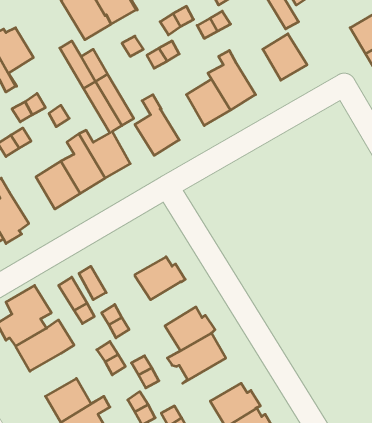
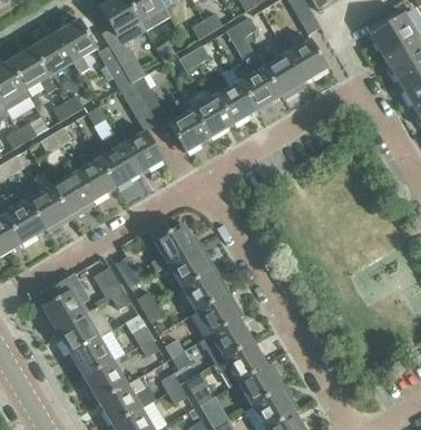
building: none -> [57,18,98,71]
building: none -> [263,52,304,95]
building: none -> [192,95,233,137]
building: none -> [51,172,94,219]
building: none -> [148,218,197,271]
building: none -> [183,270,229,311]
building: none -> [70,336,114,377]
building: none -> [213,341,267,385]

